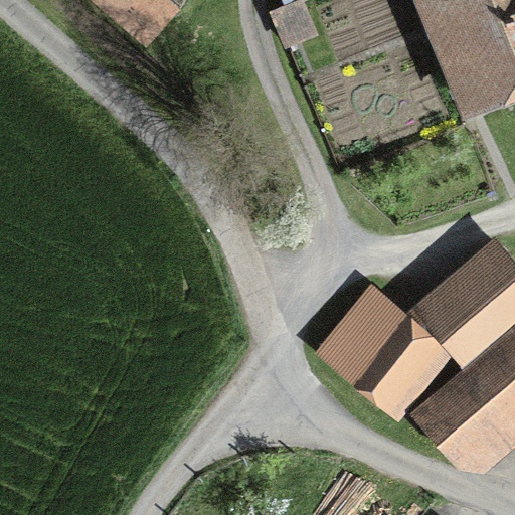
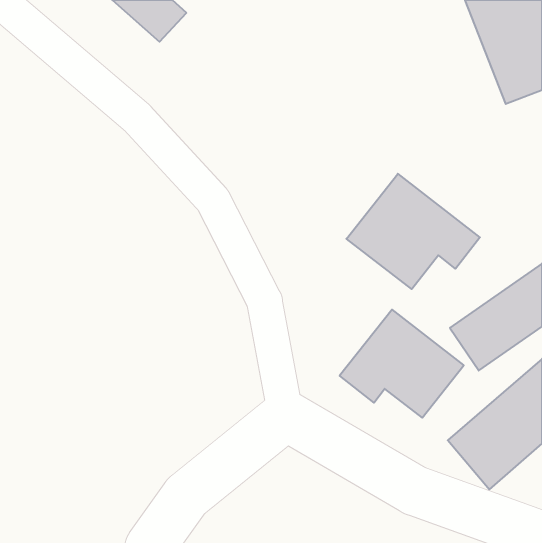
building: none -> [346,174,480,289]

